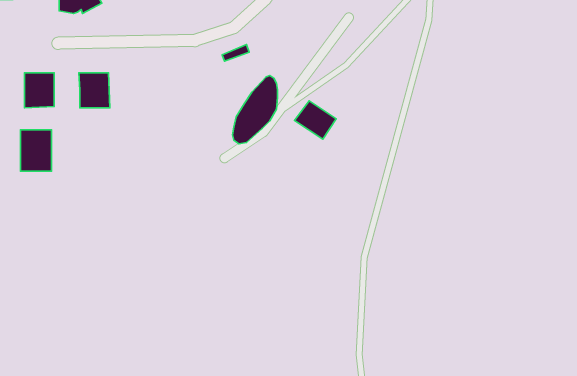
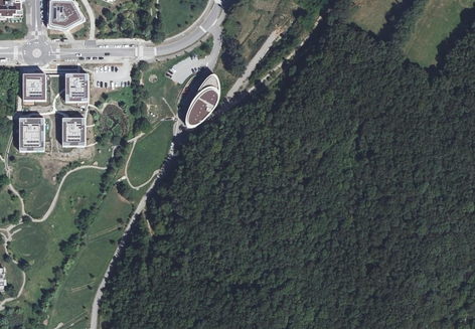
building: [295,101,336,139] -> none
building: none -> [60,118,84,145]

